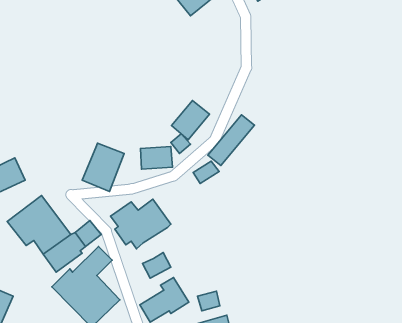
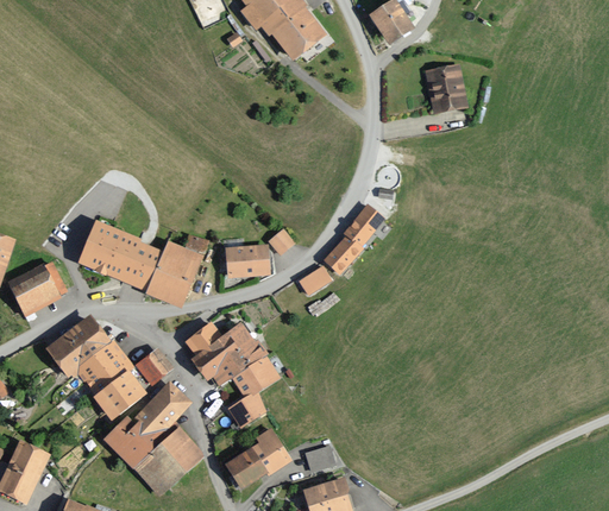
building: none -> [422,64,467,114]
building: [172,100,210,140] -> none
building: none -> [76,219,164,292]
building: none -> [230,358,277,400]

